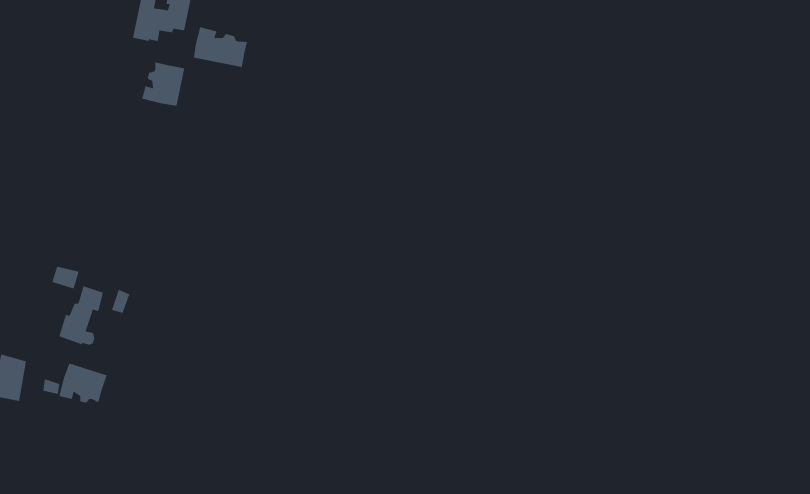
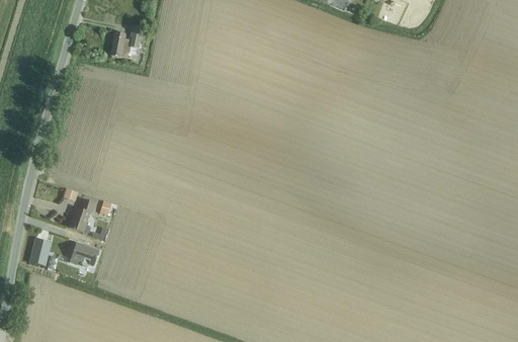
building: [193,27,248,68] -> none
building: [141,62,185,107] -> none

